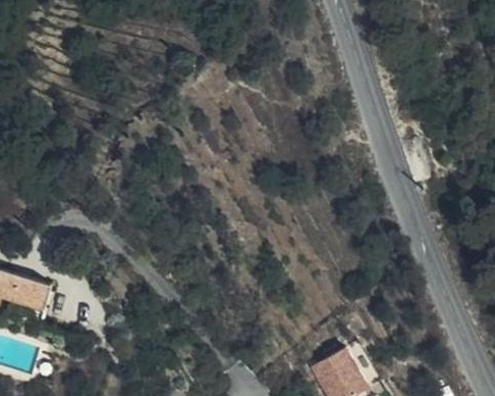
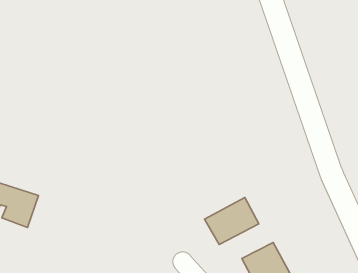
building: none -> [205,198,259,245]

